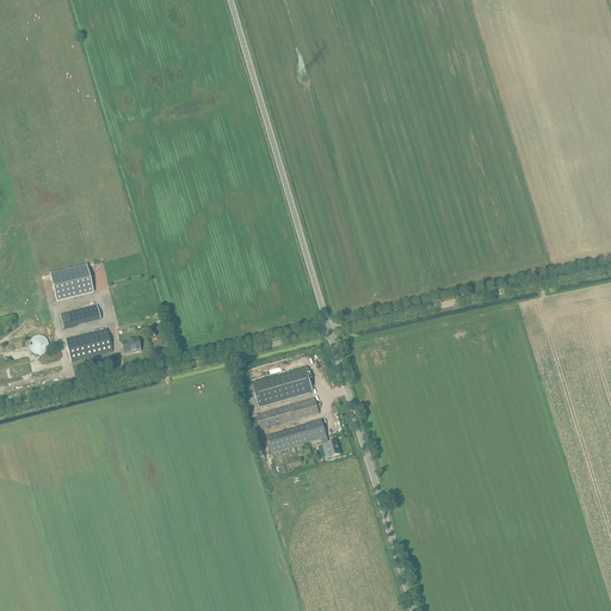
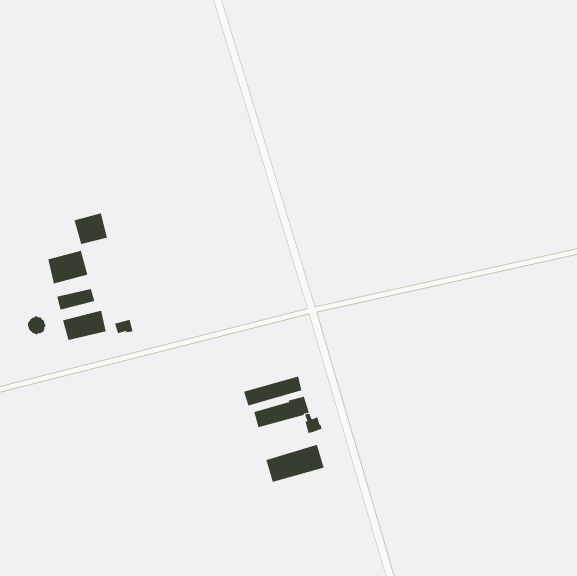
building: none -> [74,213,108,245]
building: [252,365,314,406] -> [266,444,324,483]

